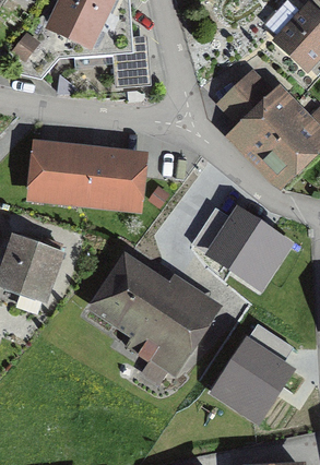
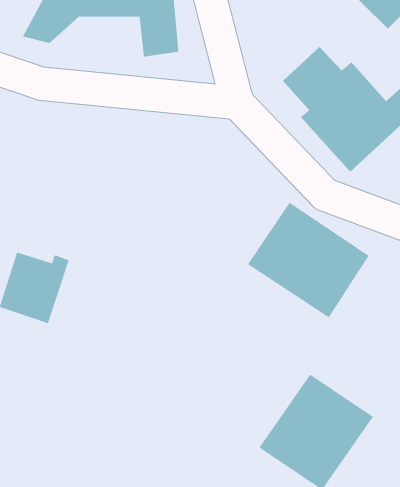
building: [31,146,144,207] -> none
building: [96,260,210,380] -> none

